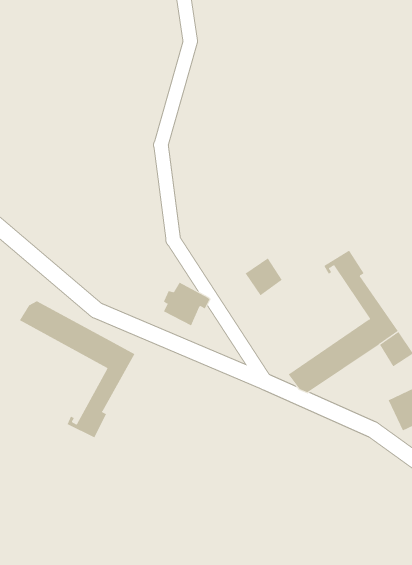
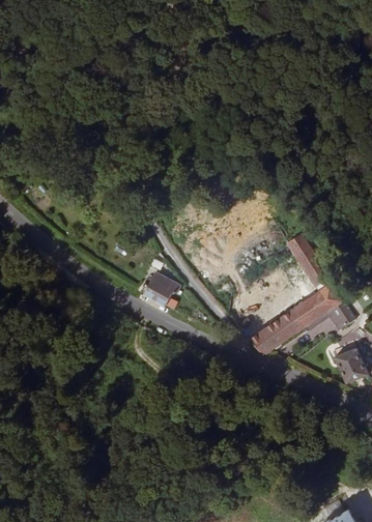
building: [245,258,283,296] -> none
building: [19,300,135,438] -> none

